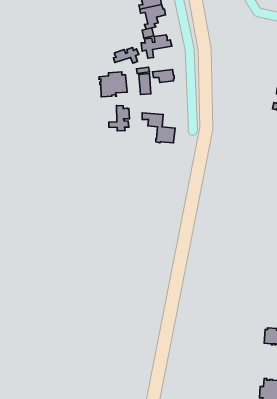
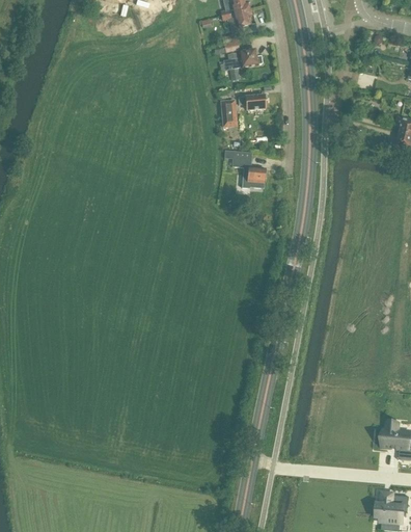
building: [113,47,139,63] -> none
building: [99,72,127,97] -> none
building: [109,105,129,131] -> none

